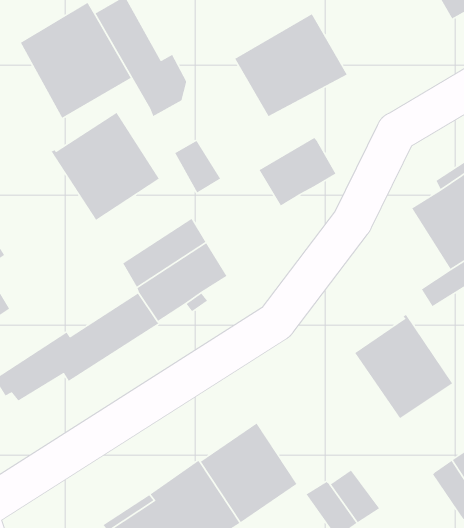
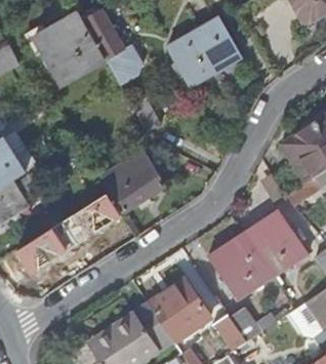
building: [51,112,160,221] -> none
building: [258,137,337,207] -> none
building: none -> [209,234,274,299]

